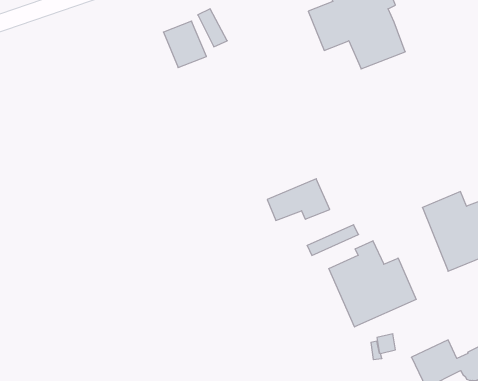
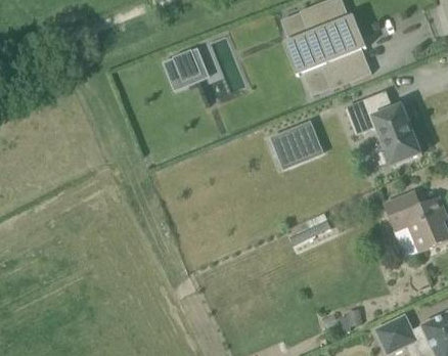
building: none -> [345,91,421,165]
building: [267,179,330,220] -> [269,120,321,154]
building: [329,241,416,327] -> none

